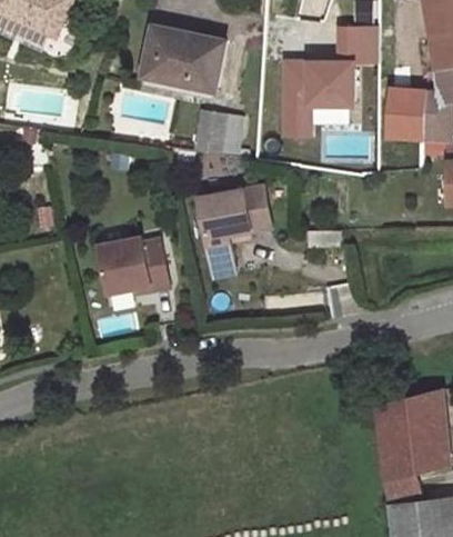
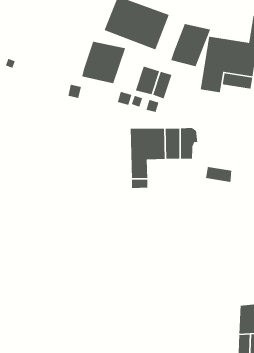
building: none -> [170,23,211,67]
building: none -> [81,41,126,84]
building: [97,238,168,294] -> none

